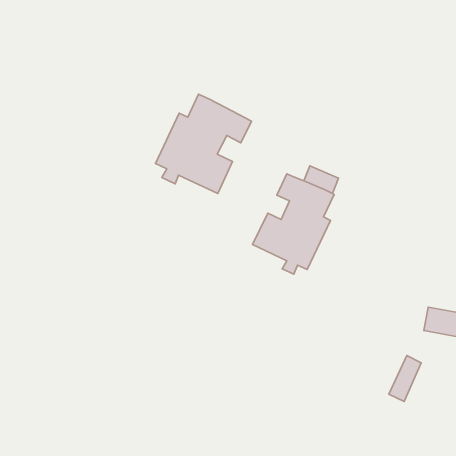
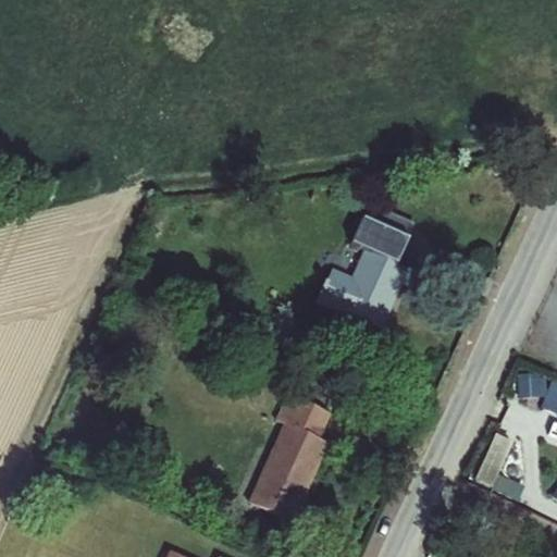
building: [156,94,251,194] -> none
building: none -> [260,405,327,504]

